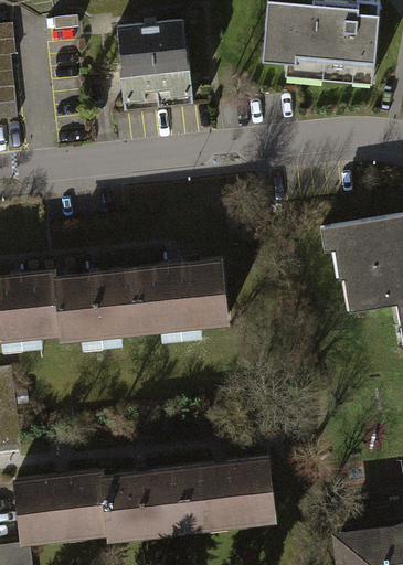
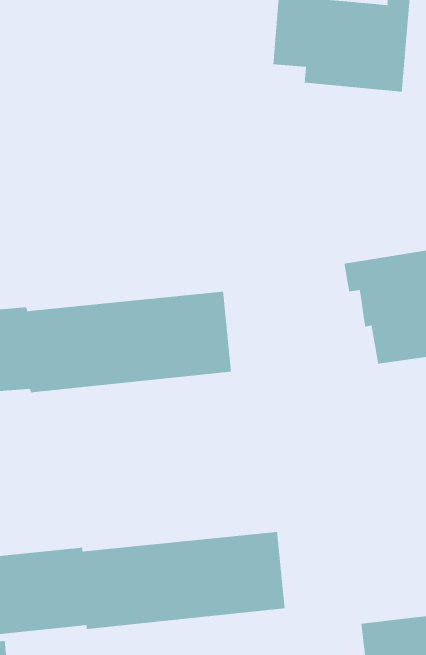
building: [114,15,191,113] -> none

